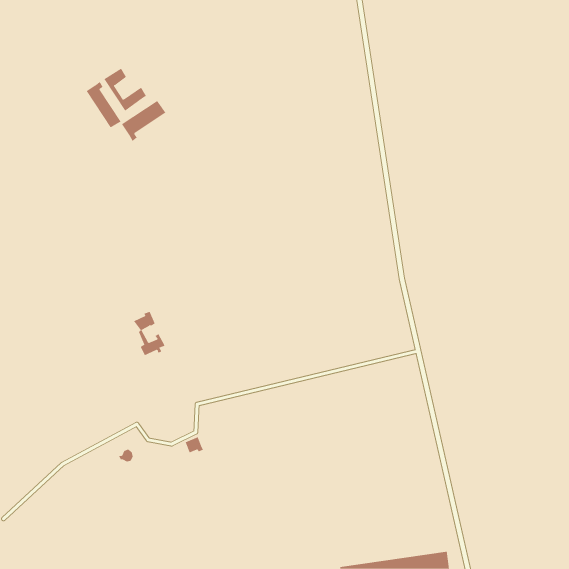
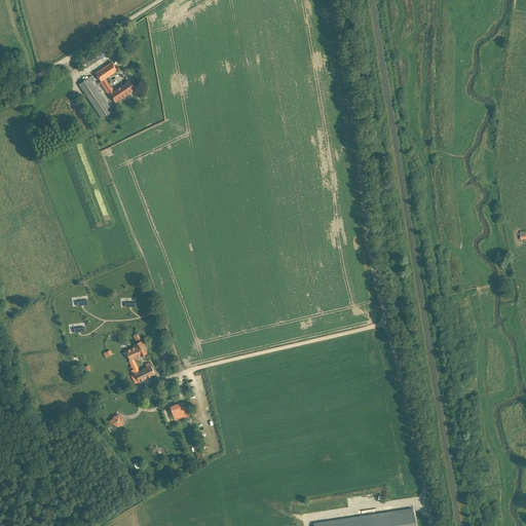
building: [121,100,166,142] -> none
building: [133,311,166,356] -> [125,342,155,383]

